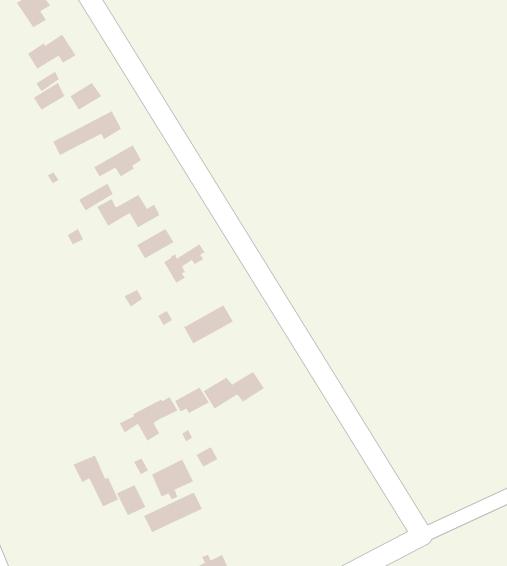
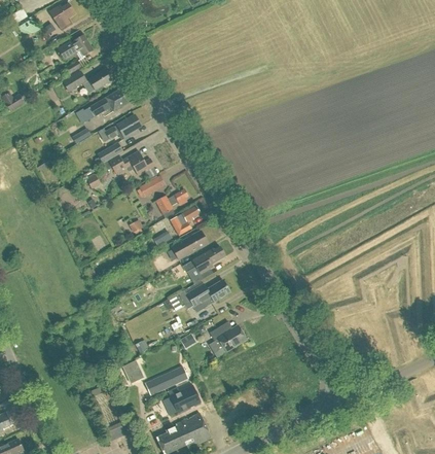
building: none -> [170,206,201,236]
building: [119,396,178,442] -> [182,247,225,280]
building: none -> [210,323,246,351]
building: [73,455,119,507] -> none
building: [151,459,194,500] -> [170,385,201,415]

